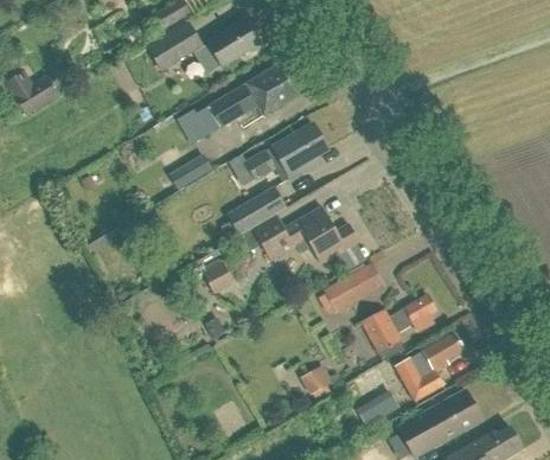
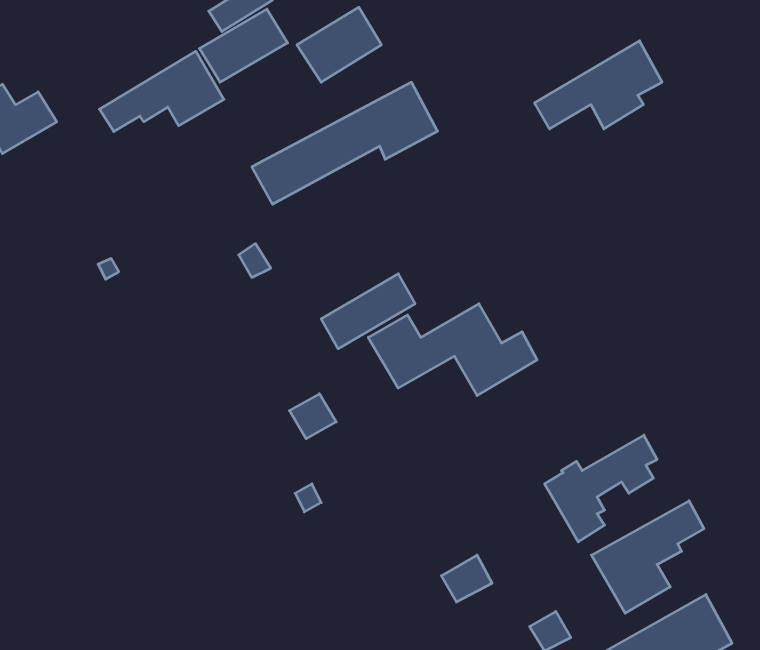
building: none -> [99,51,224,132]
building: [248,123,328,179] -> [535,41,662,129]
building: [320,263,383,314] -> none

